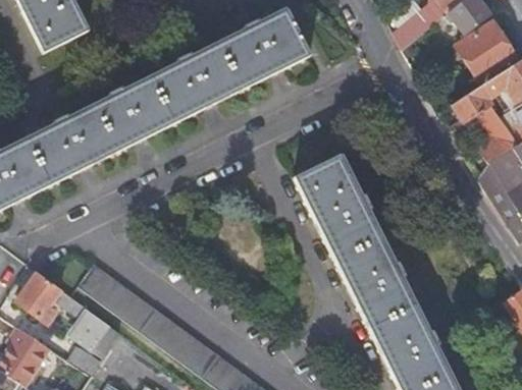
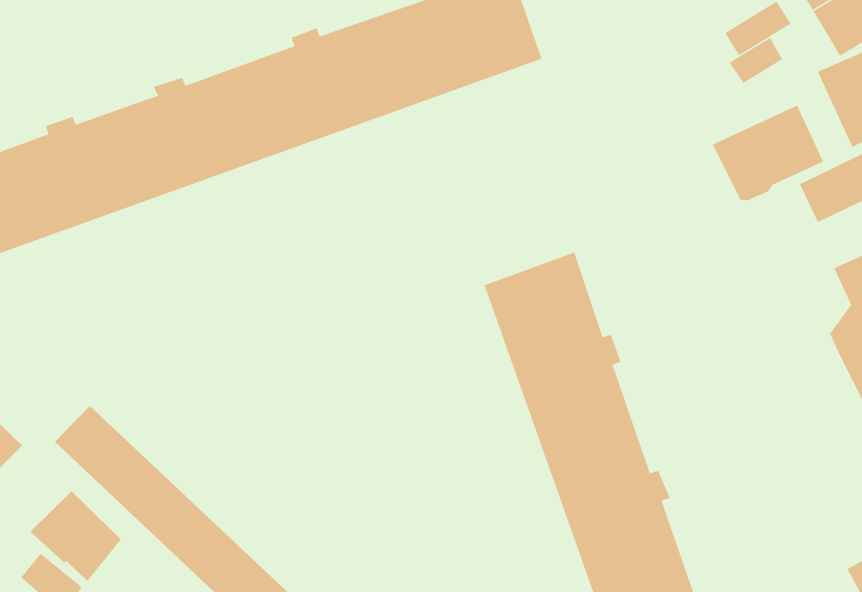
building: none -> [712,104,824,201]

